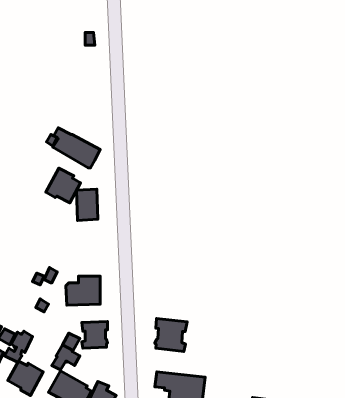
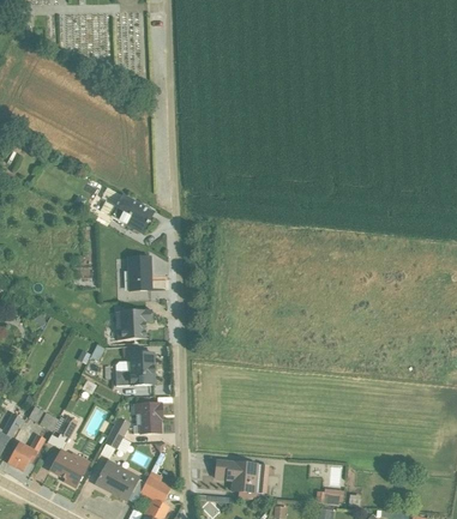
building: [46,168,80,203] -> none
building: none -> [114,310,151,340]
building: [155,318,187,351] -> none

